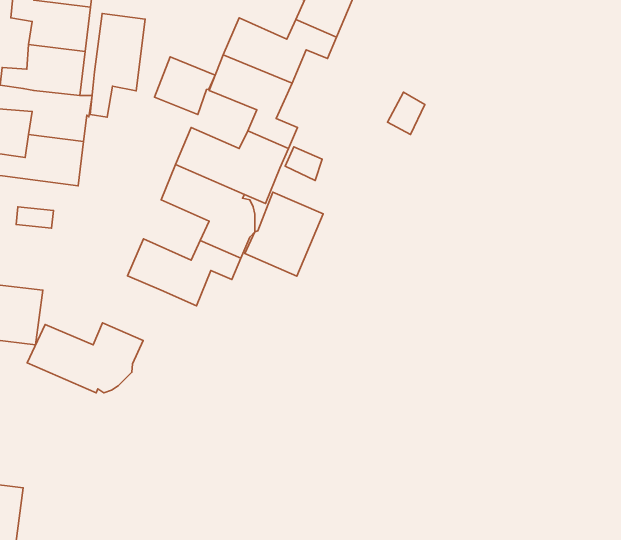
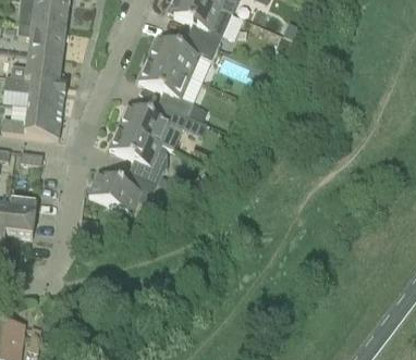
building: [90,14,145,117] -> none
building: [155,57,215,115] -> none
building: [245,192,323,276] -> none
building: [27,323,143,393] -> none

